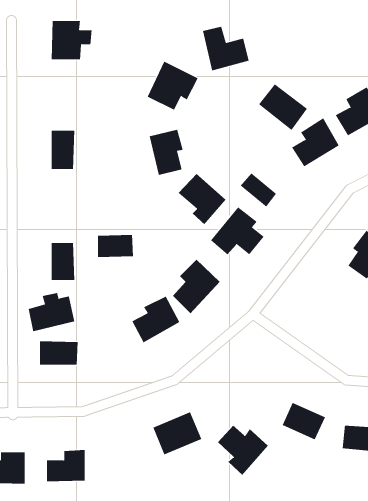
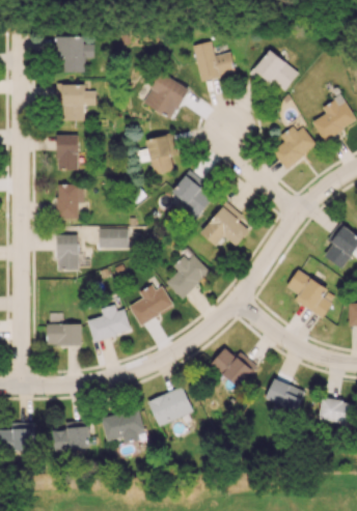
building: none -> [59,83,97,120]
building: [258,83,308,131] -> [254,50,299,92]
building: [240,173,277,207] -> none
building: none -> [57,183,84,219]
building: none -> [287,272,336,317]
building: [28,292,75,332] -> [88,306,131,341]
building: [217,425,269,476] -> [211,348,257,394]
building: none -> [102,409,145,442]

